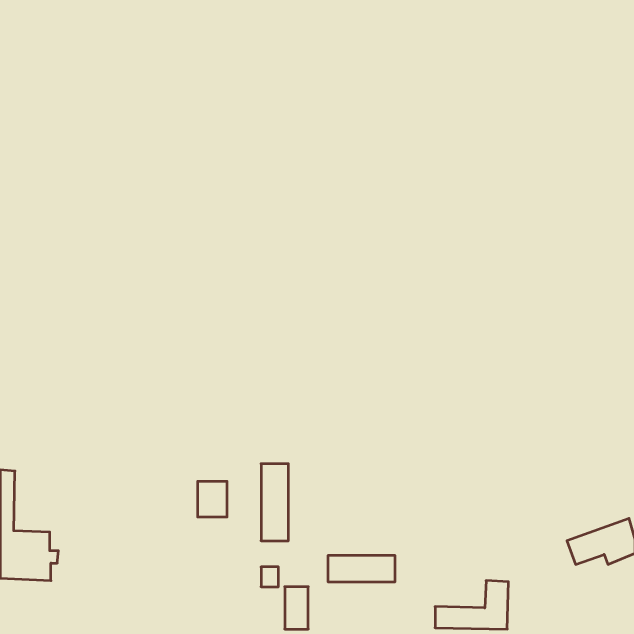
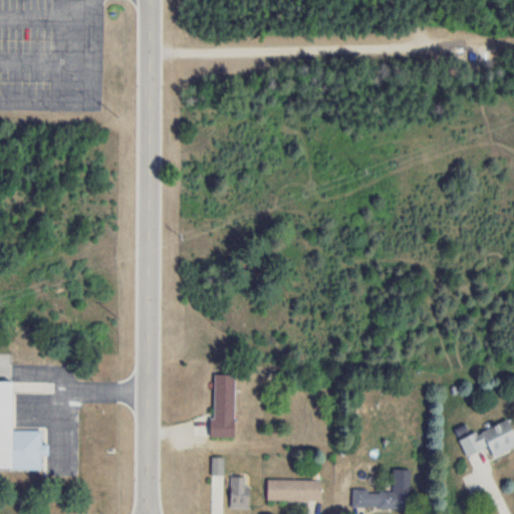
building: [198,481,227,517] -> none
building: [328,556,395,582] -> [267,480,321,501]

